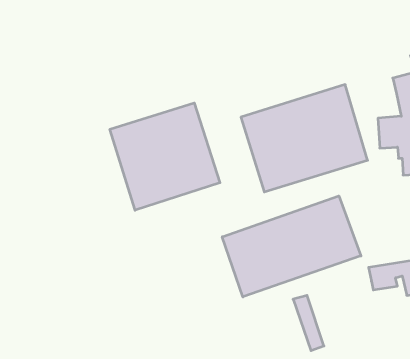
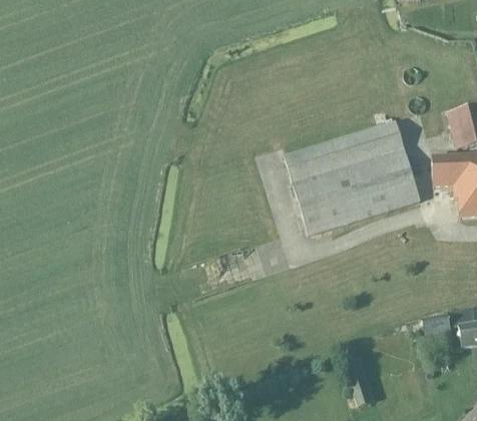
building: [110,103,220,210] -> none
building: [222,196,361,297] -> none

